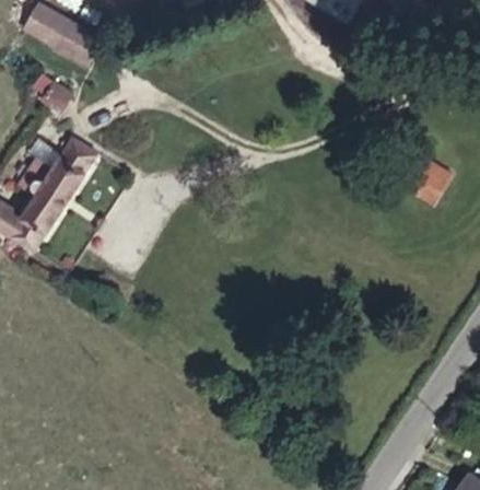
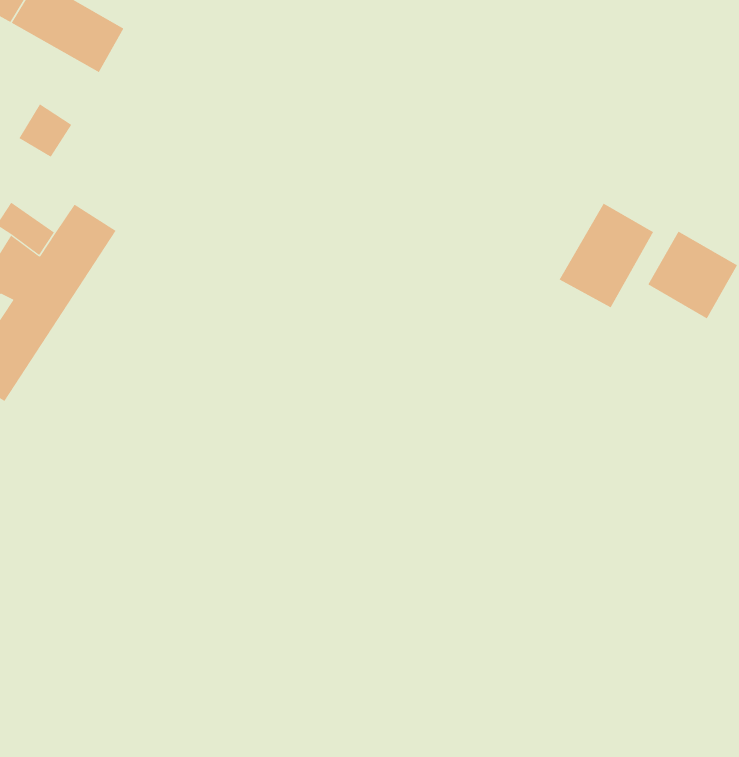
building: none -> [559,203,654,308]

